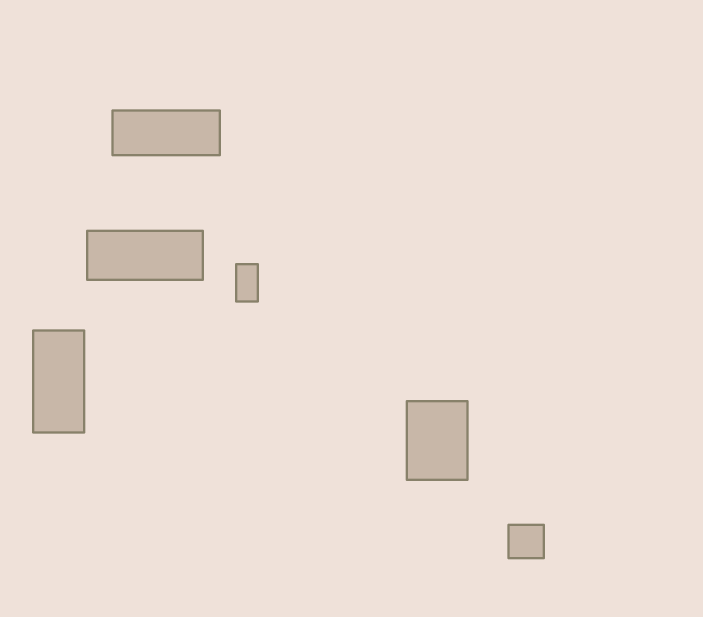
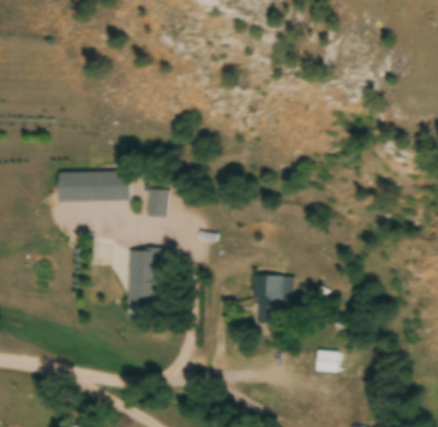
building: [112,111,220,155] -> none
building: [33,331,84,432] -> [128,248,160,311]

